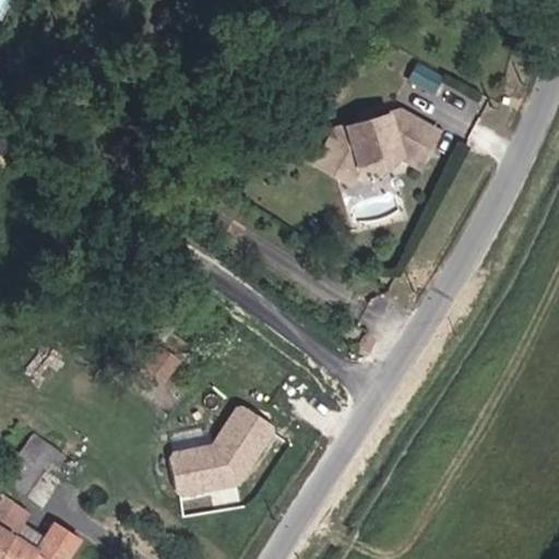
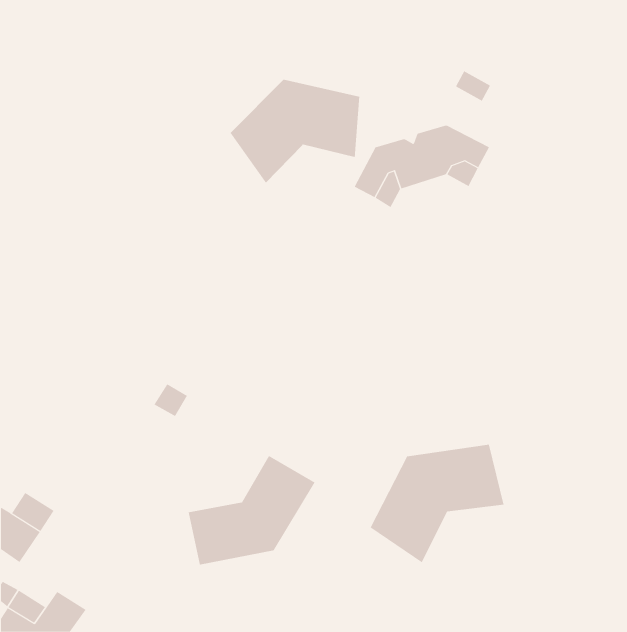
building: none -> [230,79,360,184]
building: none -> [370,444,504,563]

